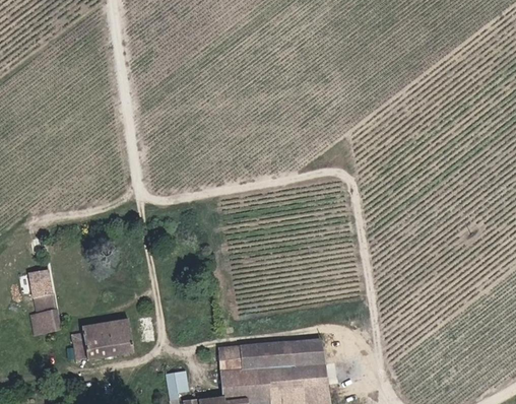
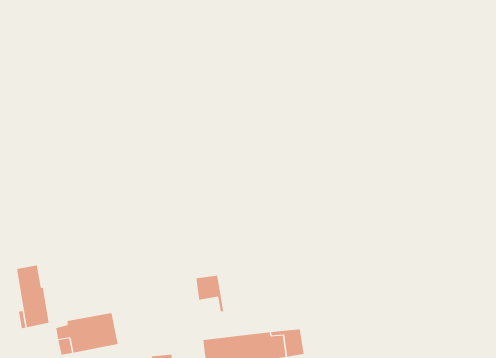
building: none -> [196,275,224,312]

